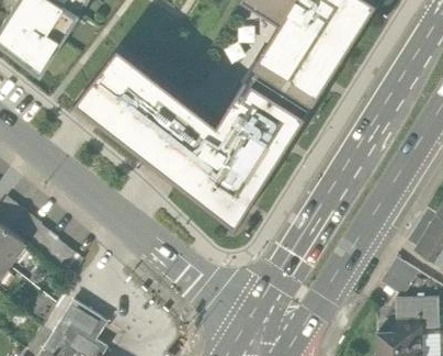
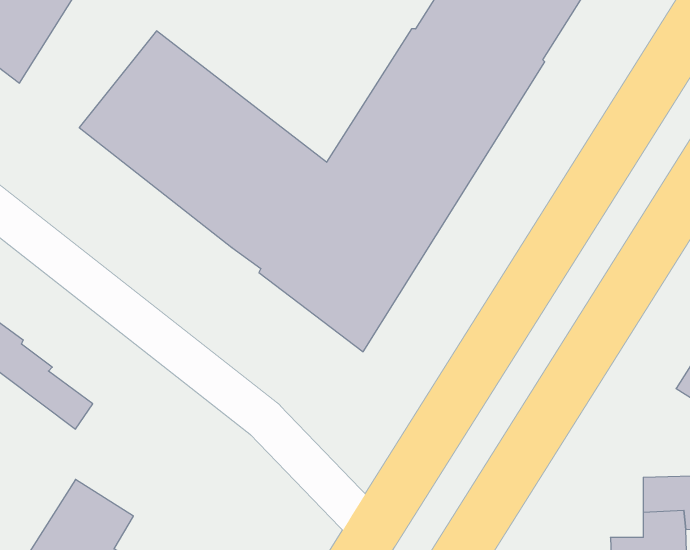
building: [379,258,418,297] -> none

